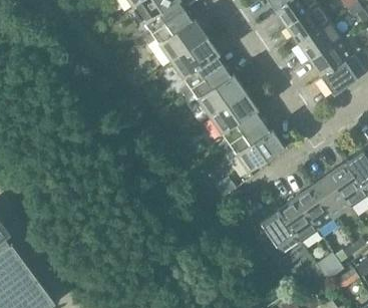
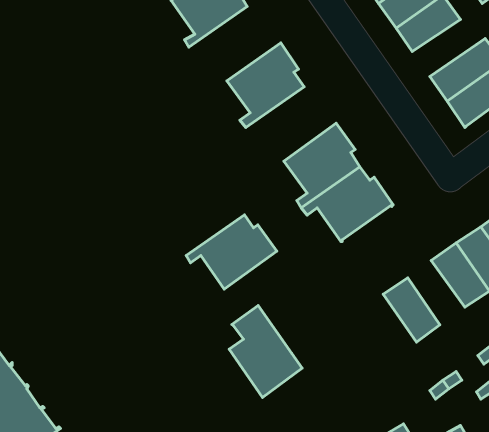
building: [144,12,208,63] -> none
building: [298,21,342,60] -> none
building: [183,67,246,118] -> [186,215,277,289]
building: [295,187,334,231] -> none
building: [258,210,308,273] -> [229,305,302,397]

